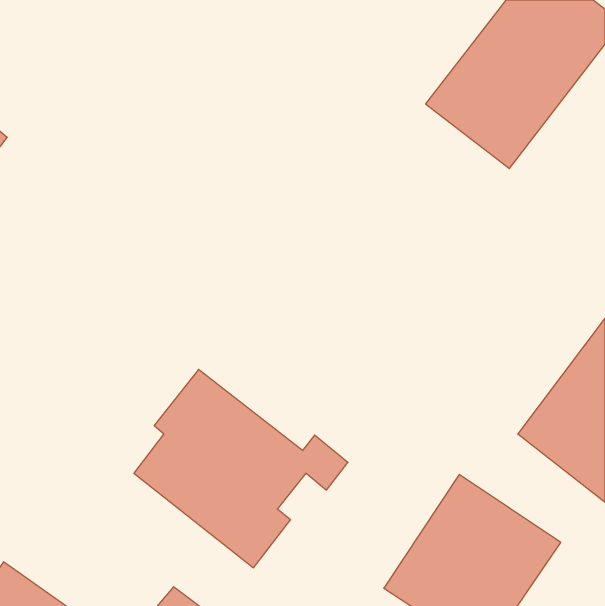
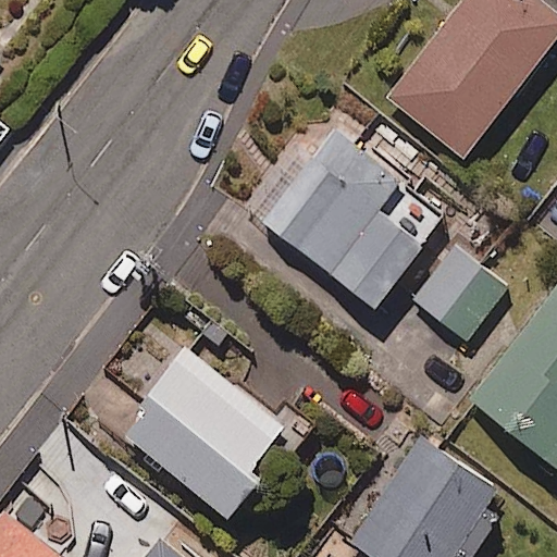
building: none -> [245,116,444,306]
building: none -> [418,251,507,341]

